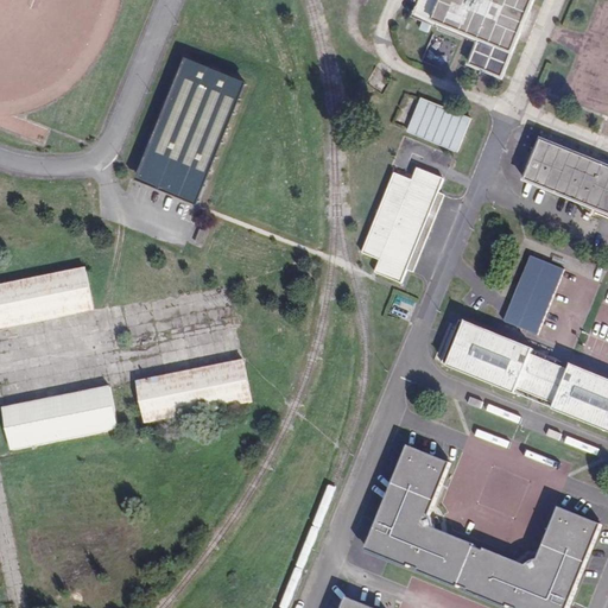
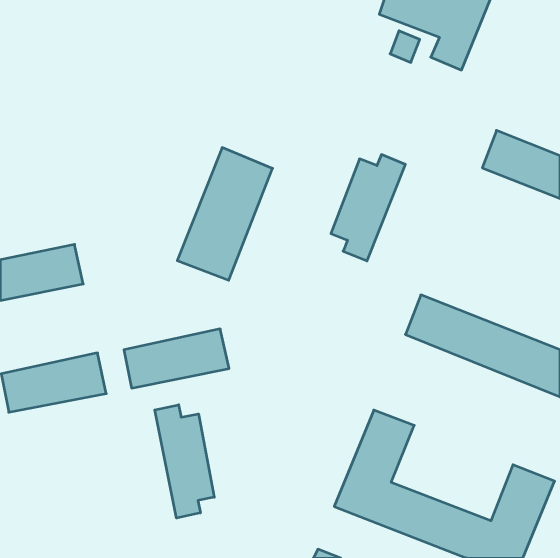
building: [138,52,241,196] -> [177,148,273,280]
building: [407,94,473,150] -> none
building: [505,252,565,331] -> none
building: none -> [155,405,214,518]

